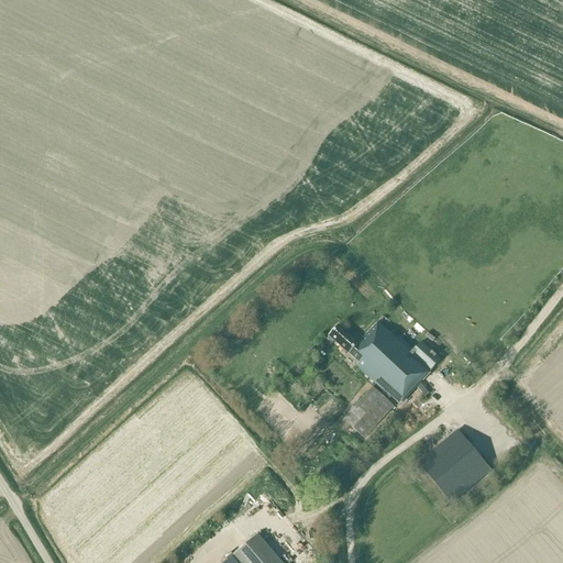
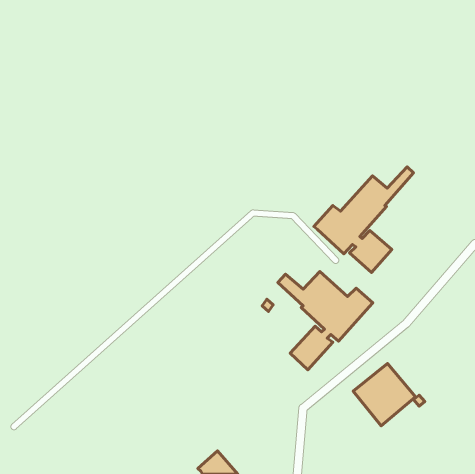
building: none -> [314,167,414,273]

